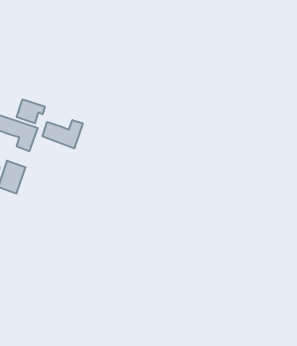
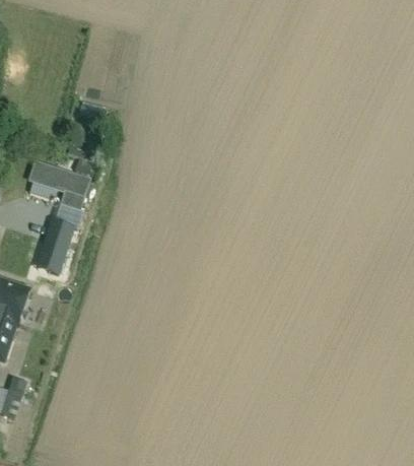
building: [43,120,83,148] -> none

